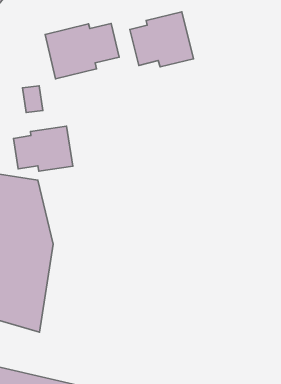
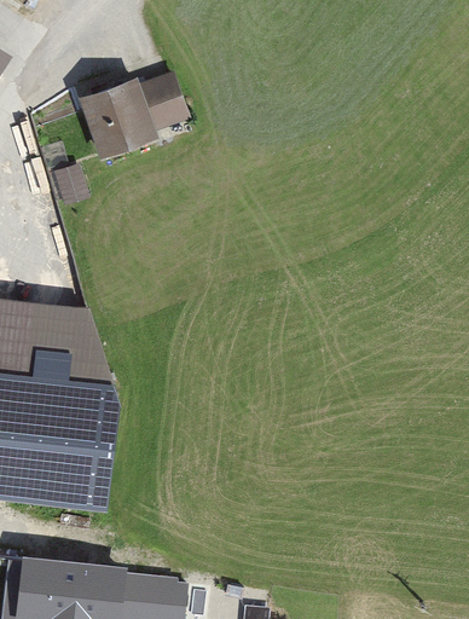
building: [130,12,194,67] -> none
building: [13,126,73,171] -> none

